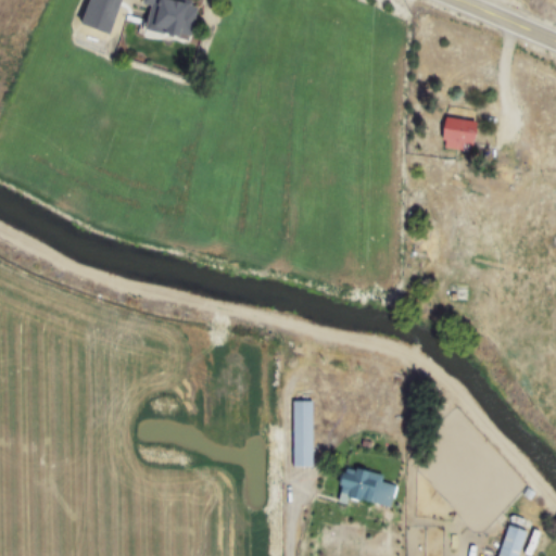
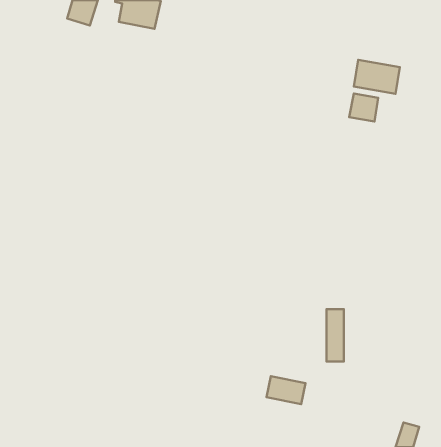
building: none -> [354,60,400,94]
building: [292,401,314,466] -> [326,309,344,362]

